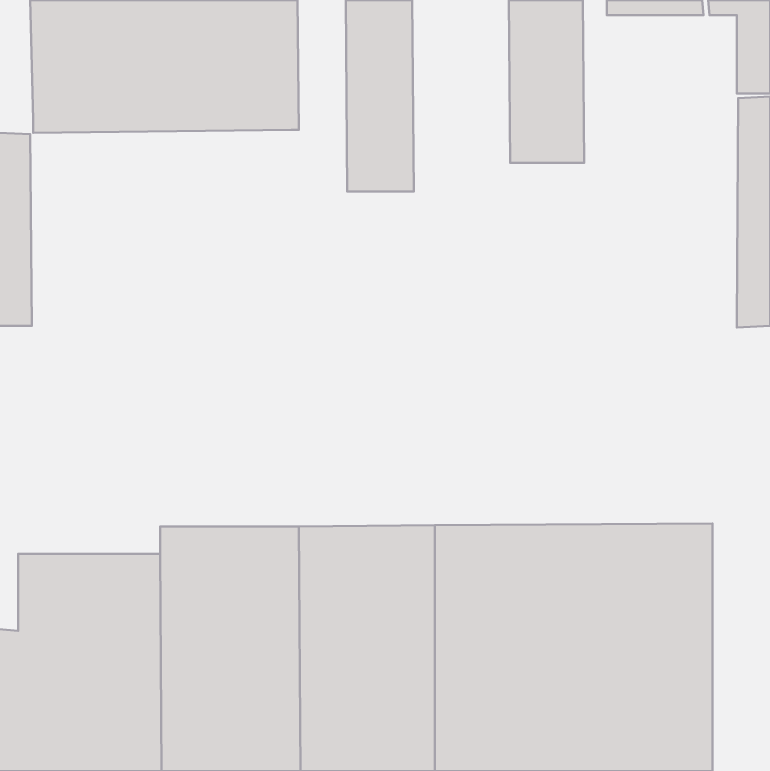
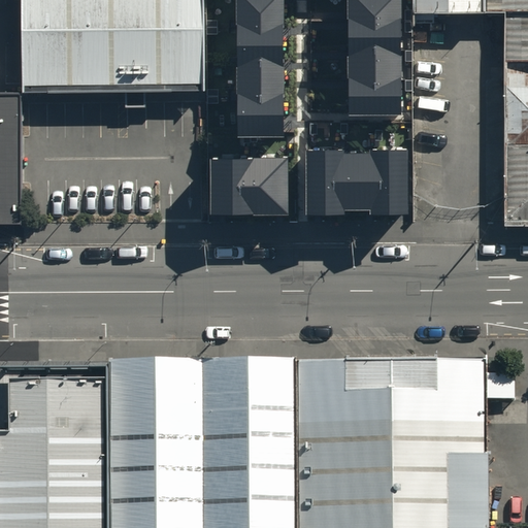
building: none -> [307,143,406,209]
building: none -> [211,153,288,211]

